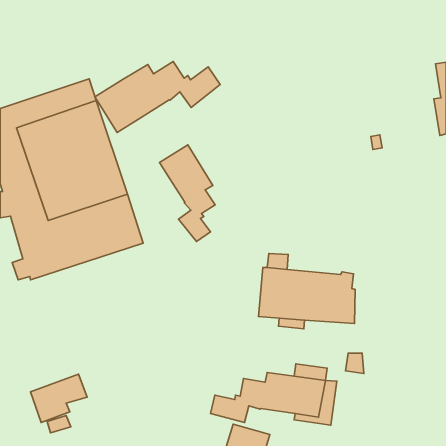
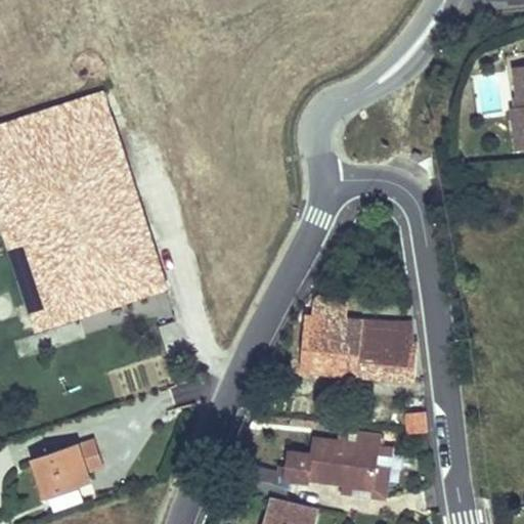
building: [95,61,220,132] -> none
building: [159,145,215,241] -> none

